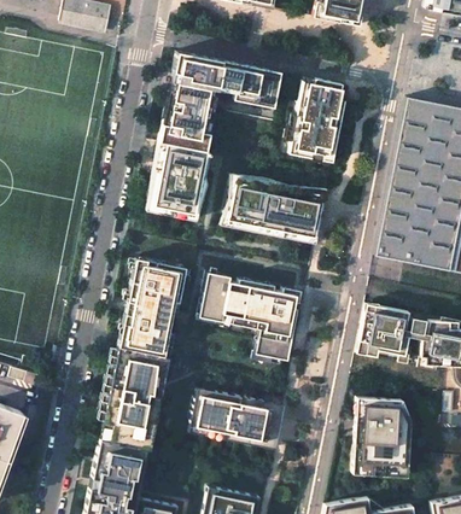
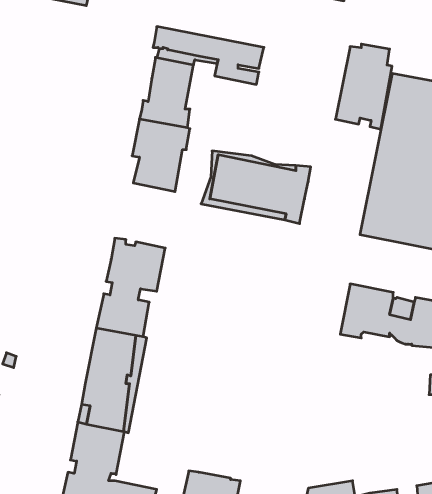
building: [290,80,345,163] -> [335,44,392,129]
building: [147,173,208,221] -> none
building: [199,273,302,361] -> none
building: [189,391,282,446] -> none
building: [354,398,412,478] -> none

